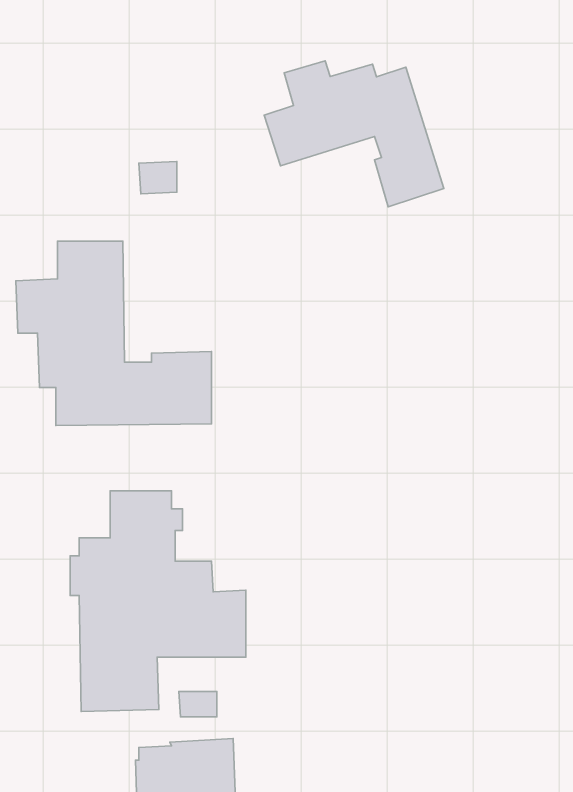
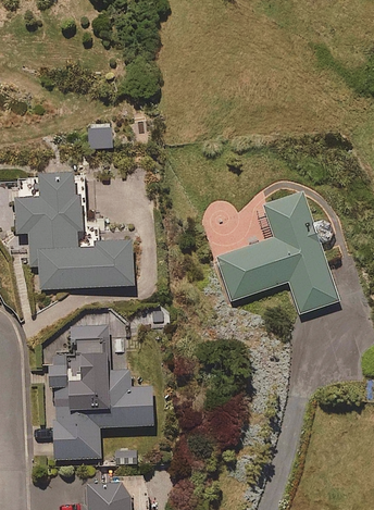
building: [264,61,444,207] -> none
building: none -> [216,192,337,313]

